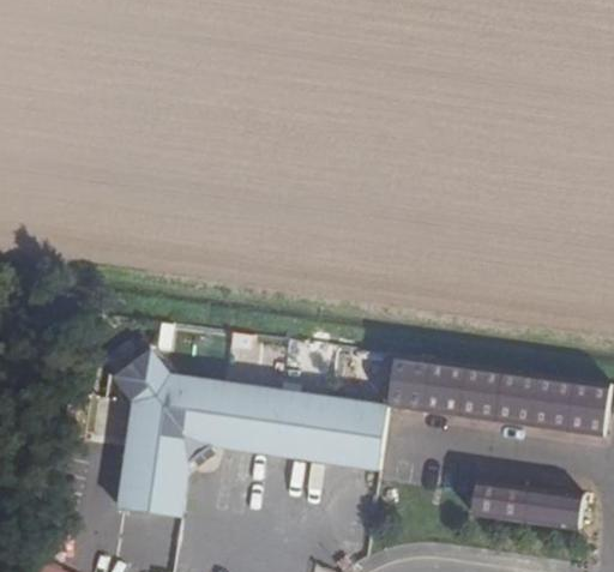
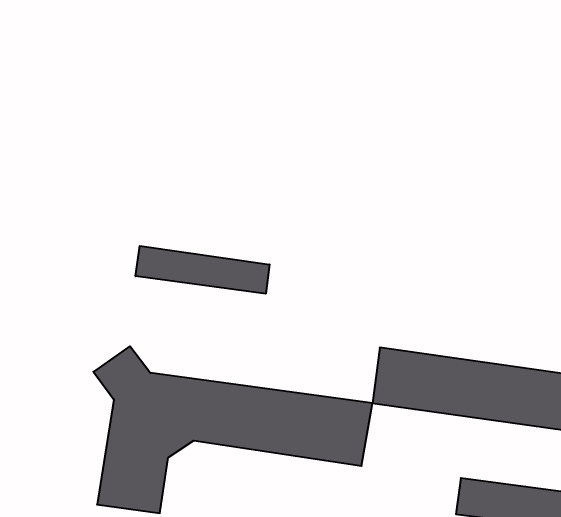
building: none -> [136,246,270,294]

